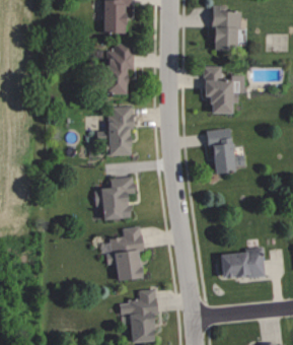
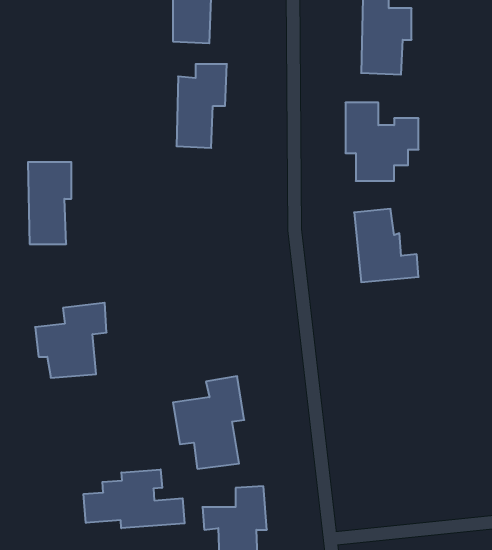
building: [108,107,134,154] -> [28,162,71,244]
building: [94,176,136,219] -> [35,303,107,378]
building: [220,249,267,277] -> none
building: none -> [84,469,185,528]

